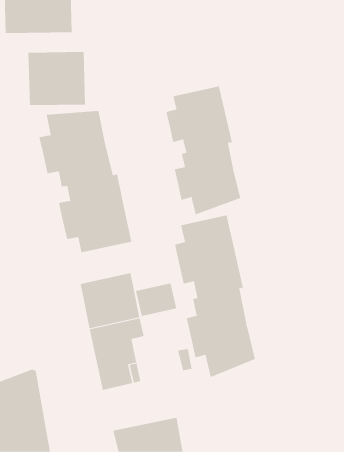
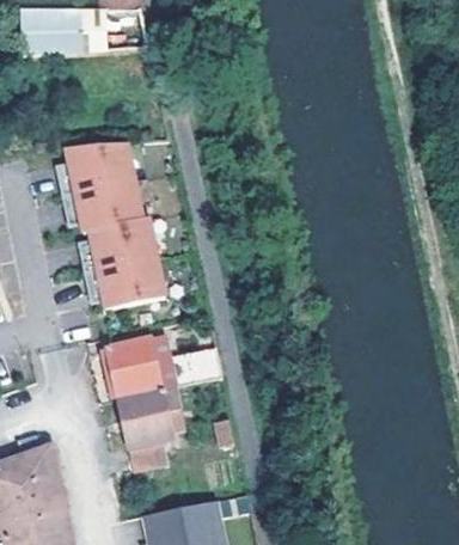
building: [28,51,86,106] -> none
building: [166,85,241,215] -> none
building: [174,214,255,378] -> none

